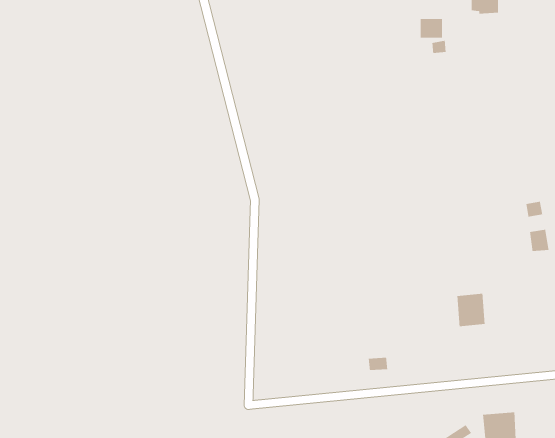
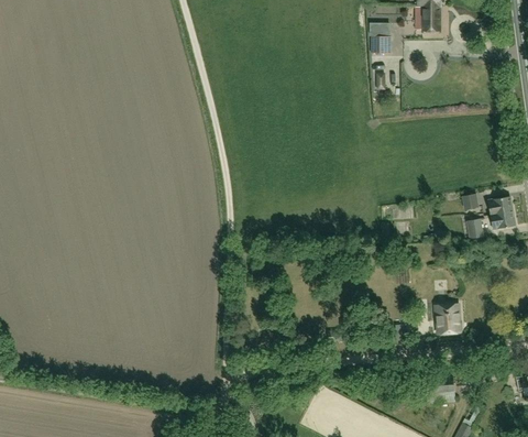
building: [456,293,486,327] -> [435,304,460,334]

